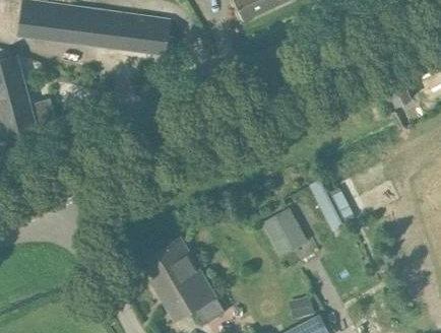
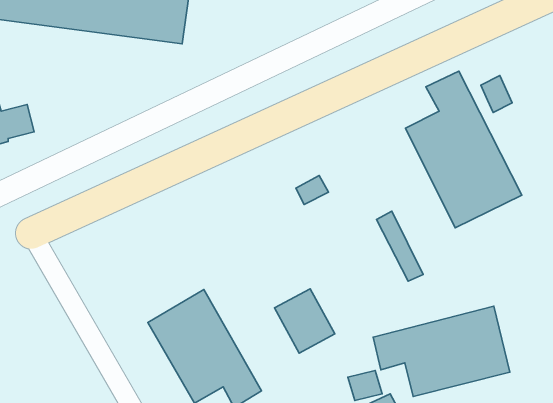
building: none -> [405,71,522,228]
building: [262,209,307,257] -> [275,289,335,353]
building: none -> [373,306,510,396]

